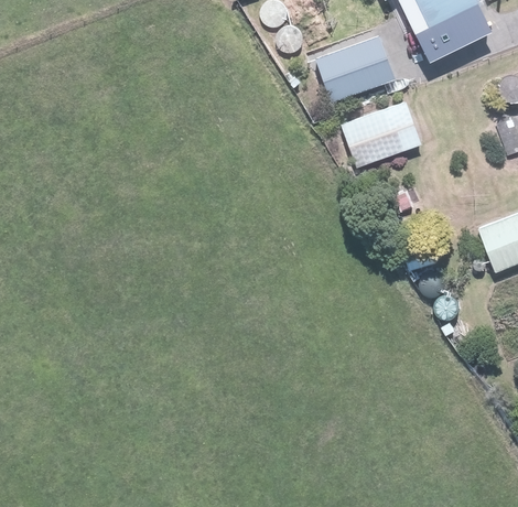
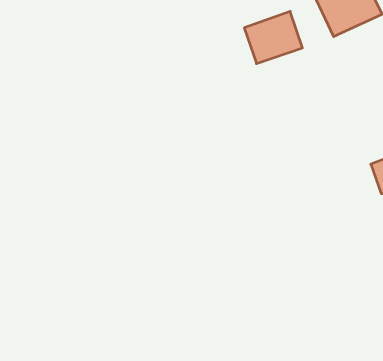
building: [343,103,420,168] -> none

